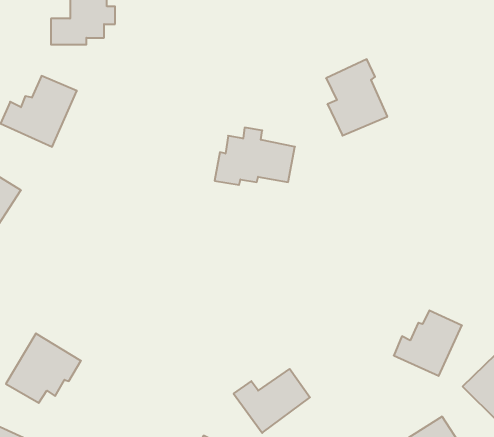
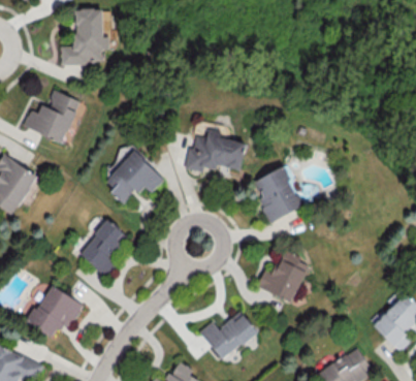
building: [326,59,387,136] -> [256,164,302,222]
building: none -> [109,150,164,202]
building: none -> [78,220,127,276]
building: [394,310,462,376] -> [257,252,309,301]

